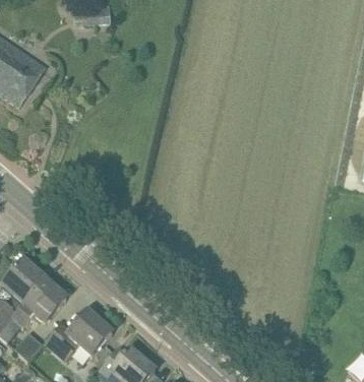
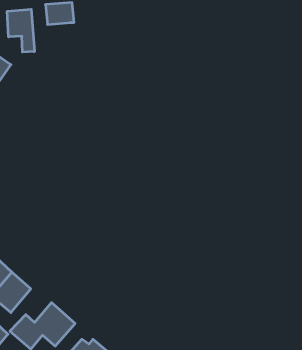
building: none -> [7,9,34,52]

